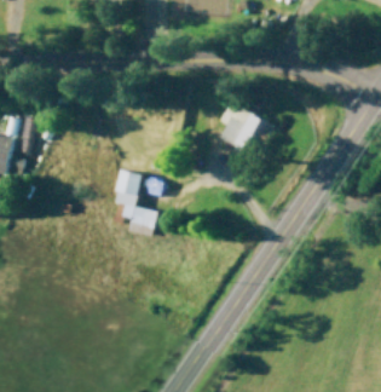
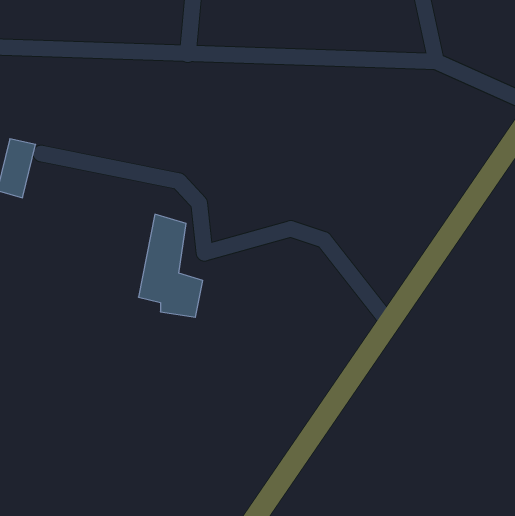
building: [219,98,266,146] -> none

